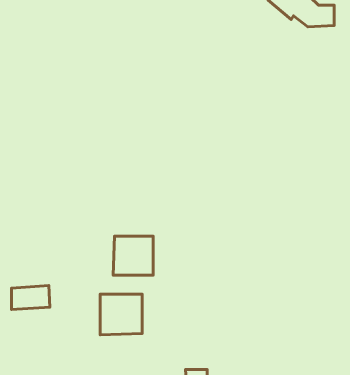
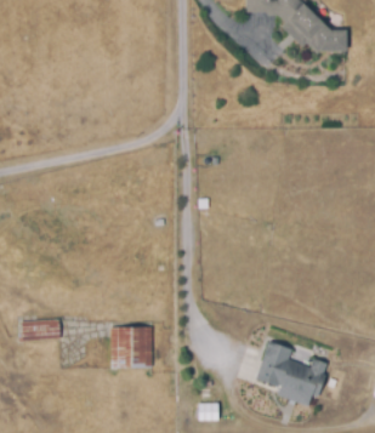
building: [113,236,153,275] -> none
building: none -> [257,338,329,401]

